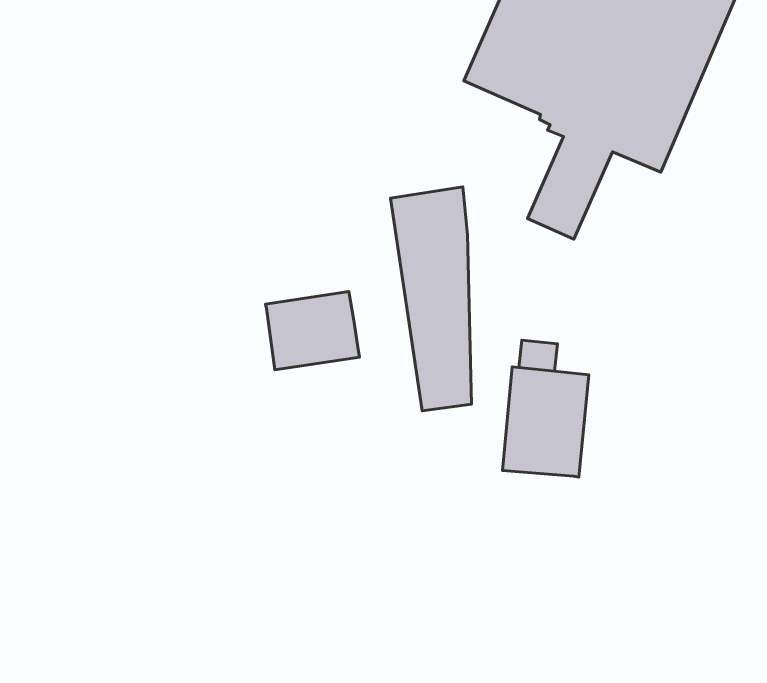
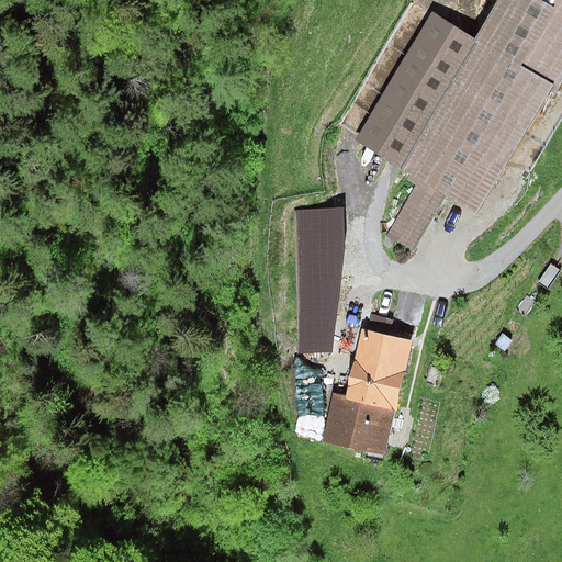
building: [265,291,360,370] -> none
building: none -> [321,392,393,452]

